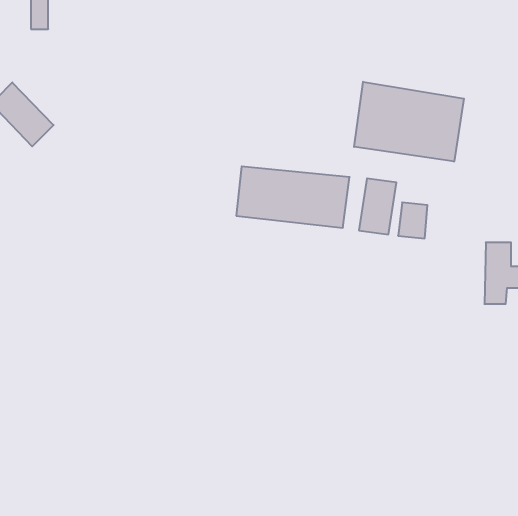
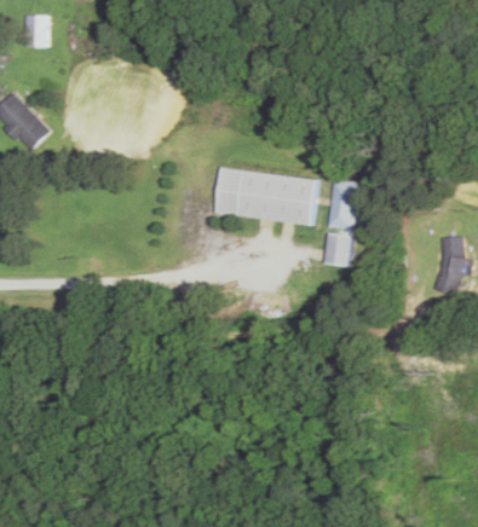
building: [354,82,464,162] -> none
building: [398,202,427,238] -> [324,233,351,266]

